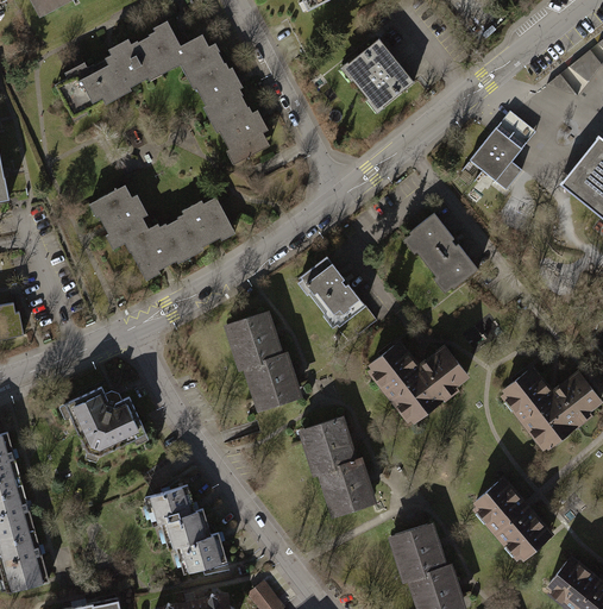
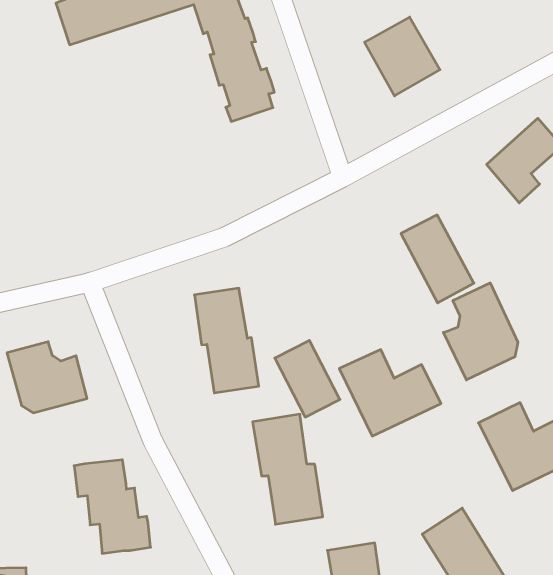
building: [88,183,234,280] -> none
building: [299,257,364,327] -> [275,340,340,417]
building: none -> [443,283,518,380]

